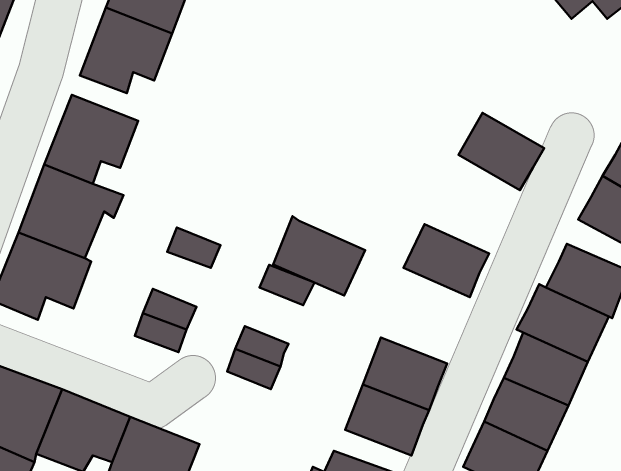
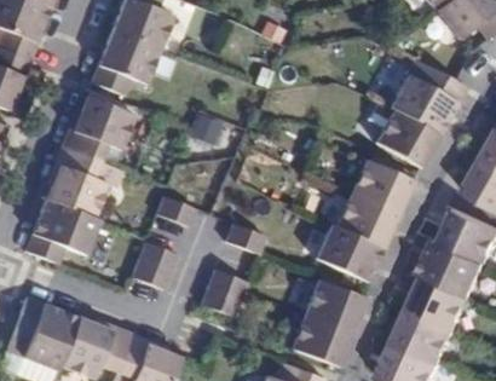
building: none -> [386,60,465,135]
building: none -> [347,158,411,214]
building: [273,216,365,295] -> [312,221,381,281]

